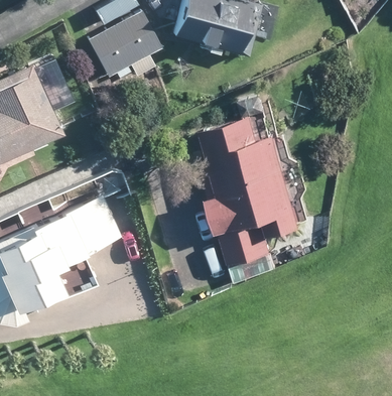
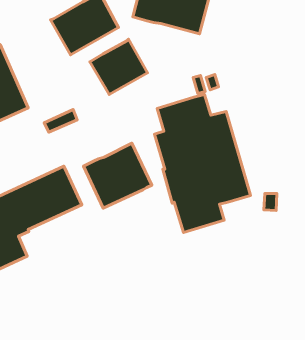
building: none -> [90,39,147,95]
building: none -> [83,143,152,208]

